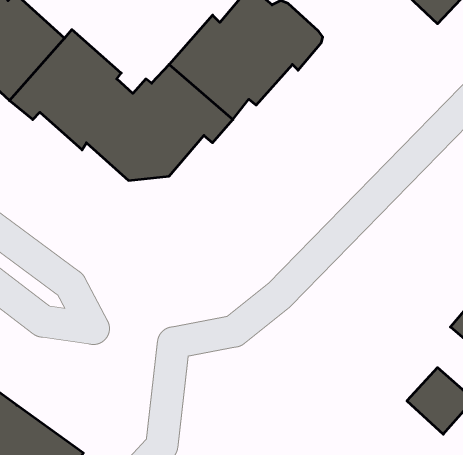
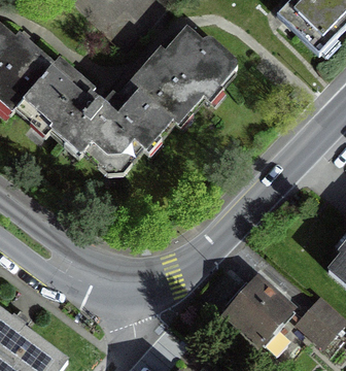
building: none -> [222,278,290,355]

